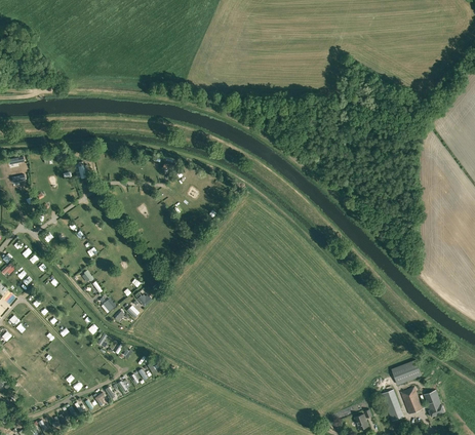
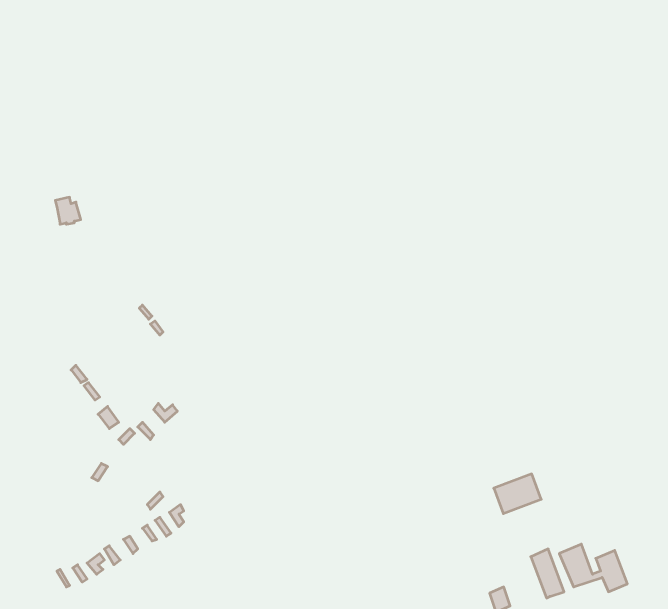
building: [391,359,422,385] -> [494,474,541,514]

